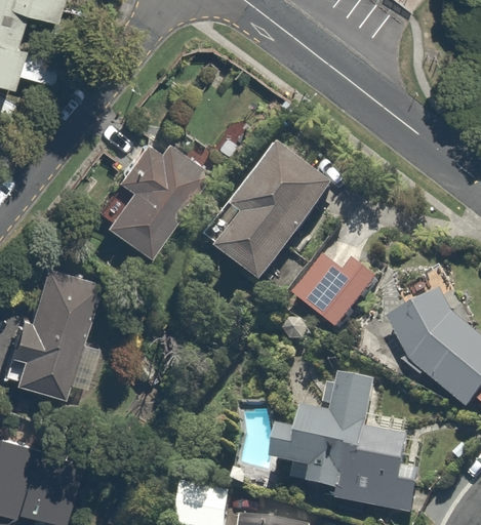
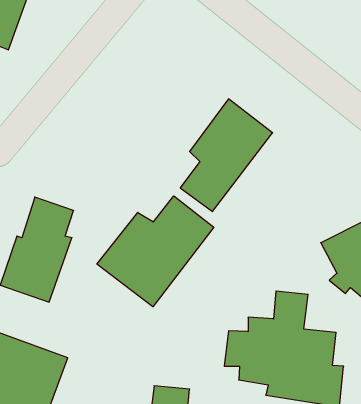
building: [101,132,210,255] -> none
building: [291,229,376,327] -> none
building: none -> [97,196,214,307]

